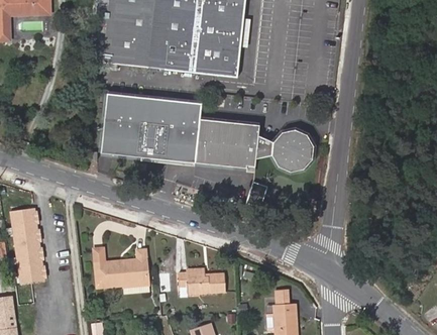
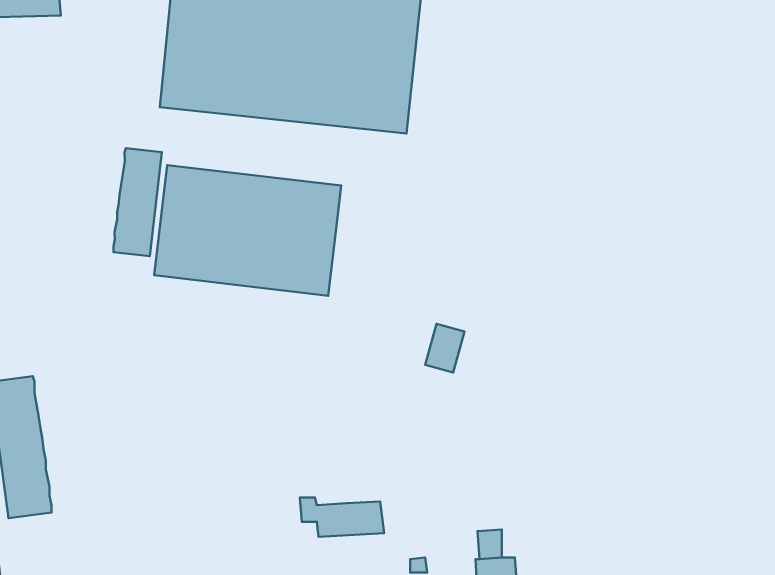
building: none -> [113,148,162,256]
building: [194,121,313,176] -> none
building: [92,247,149,288] -> none

